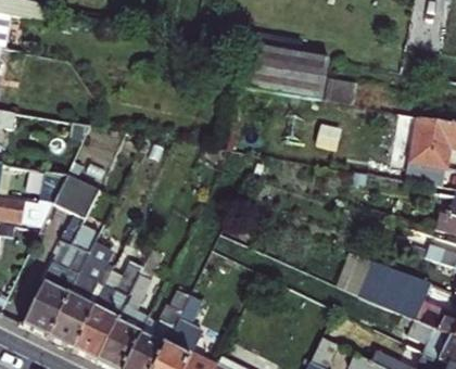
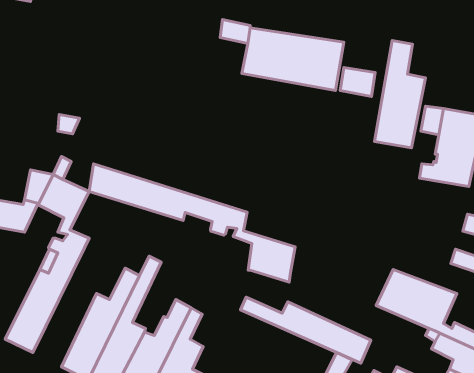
building: none -> [375,41,425,148]
building: none -> [89,164,295,282]
building: [47,242,113,349] -> none
building: none -> [241,297,371,363]

